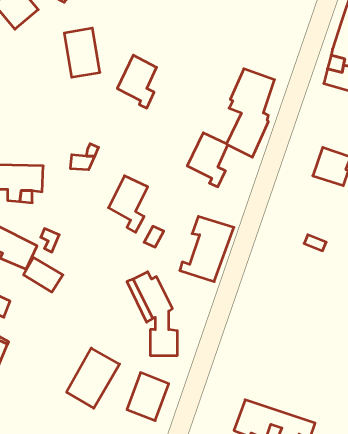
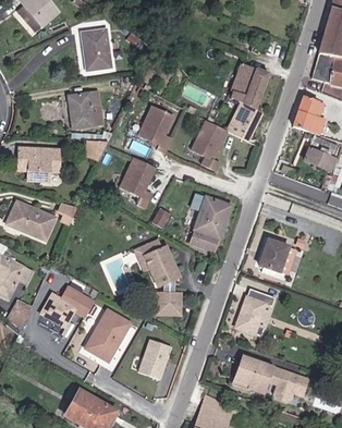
building: [117,55,157,108] -> [137,107,172,154]
building: none -> [70,90,101,127]
building: none -> [293,94,326,132]
building: [24,258,63,292] -> [58,288,93,318]
building: none -> [257,239,297,274]
building: none -> [235,286,276,337]

